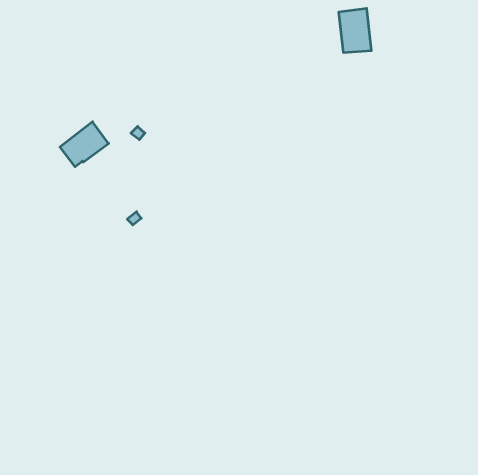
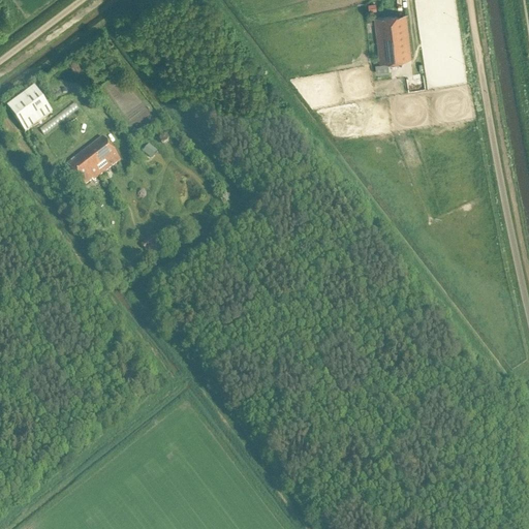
building: none -> [6,86,52,131]

